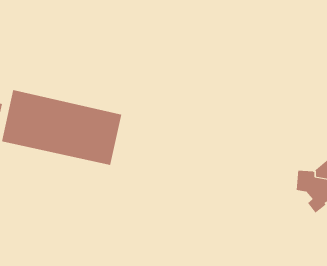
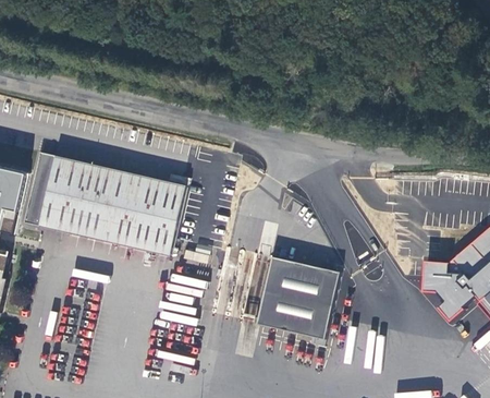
building: none -> [258,256,341,339]

